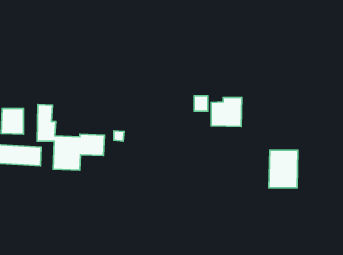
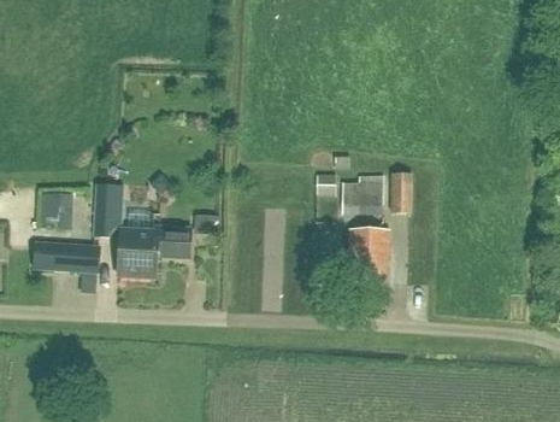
building: none -> [390,172,411,213]
building: [269,150,298,188] -> [348,228,389,281]

